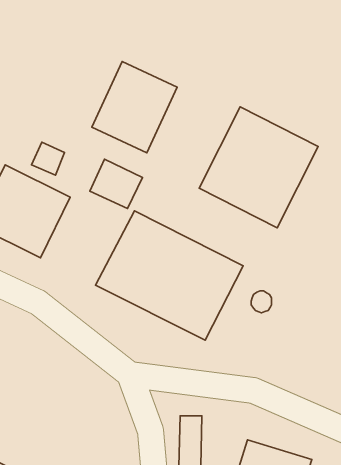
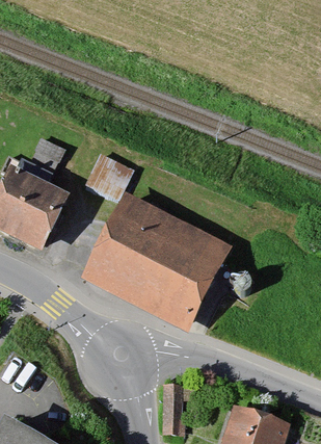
building: [92,62,177,153] -> none
building: [199,107,318,228] -> none

